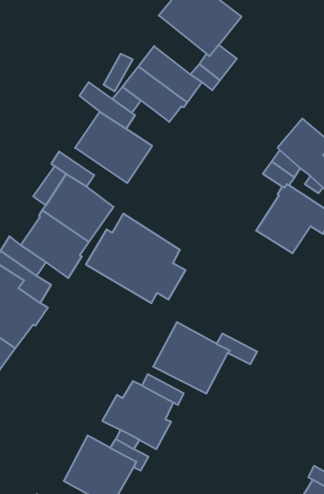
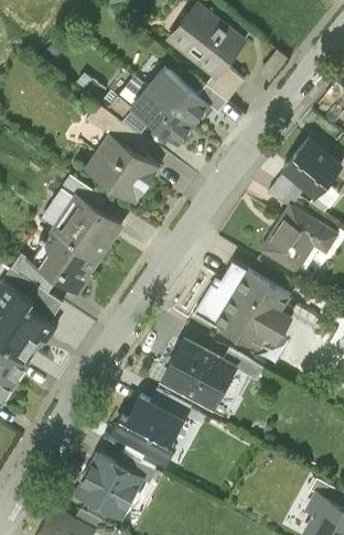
building: [86,214,186,303] -> [195,261,292,348]

